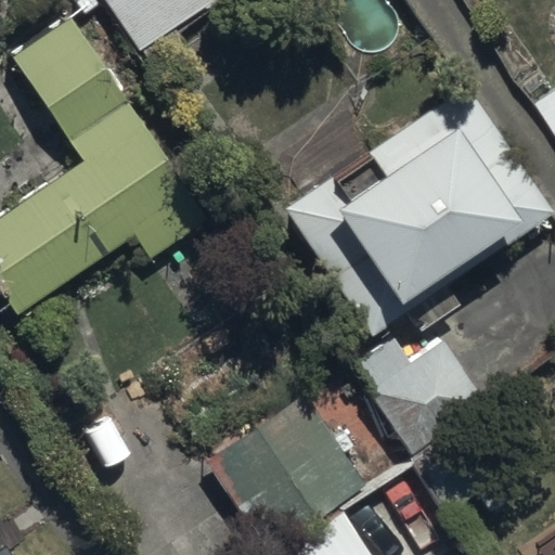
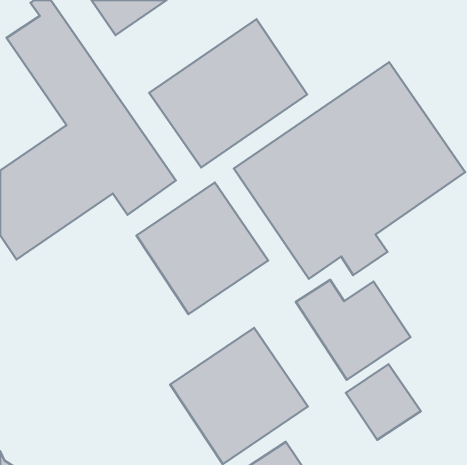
building: none -> [149,19,307,167]
building: none -> [136,182,268,314]

